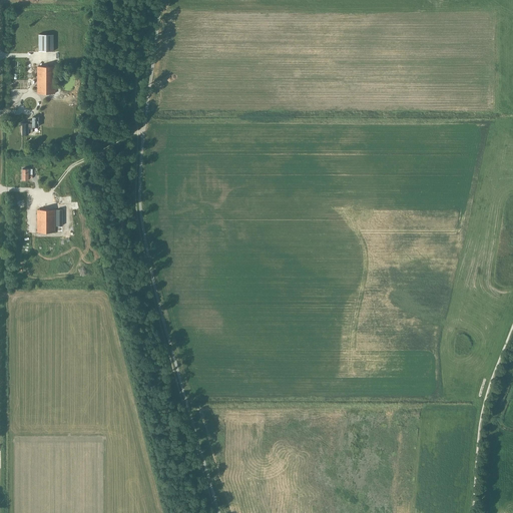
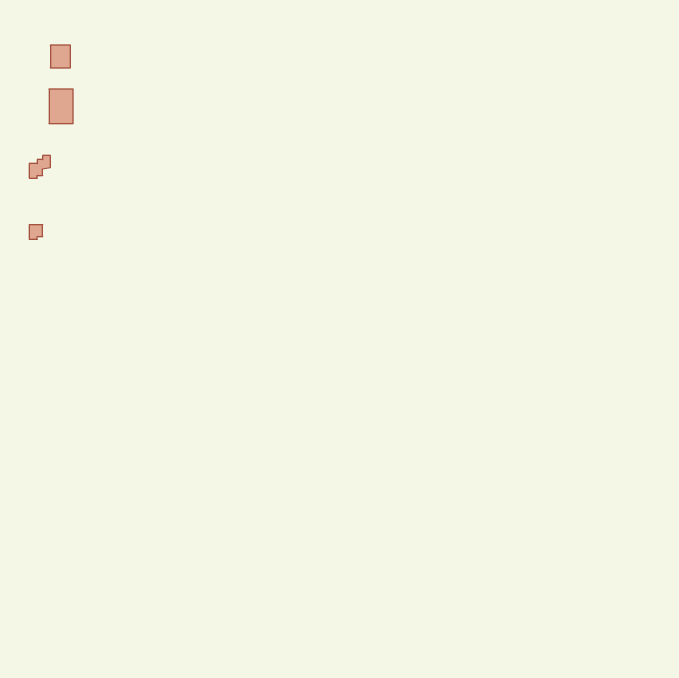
building: [37,210,54,233] -> none

